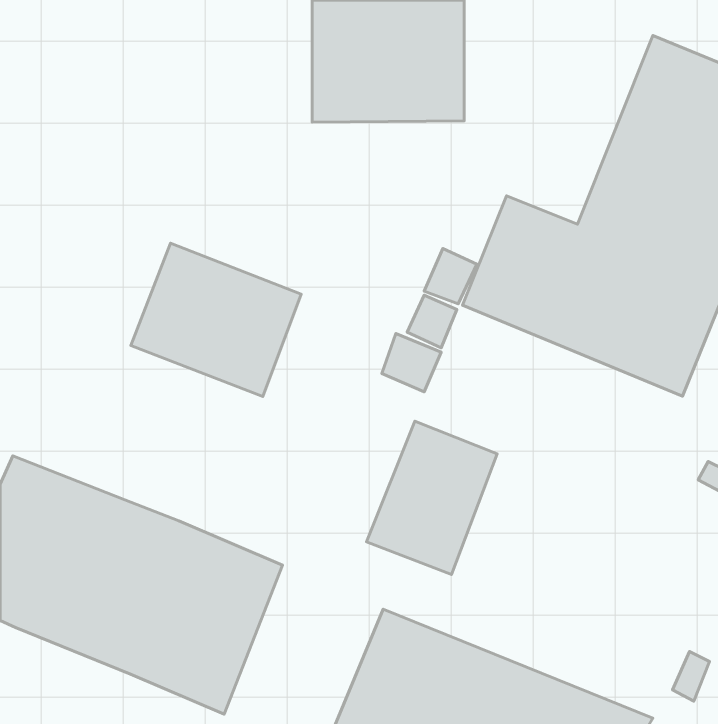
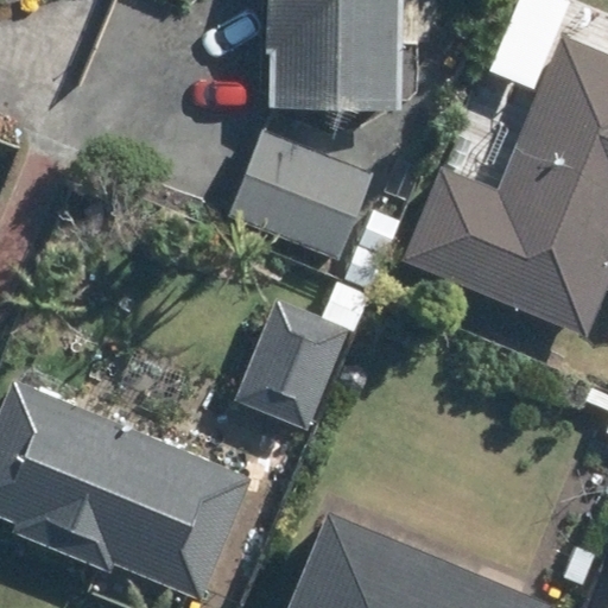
building: [131,243,301,397] -> [233,132,375,260]
building: [367,421,497,575] -> [242,303,352,431]

